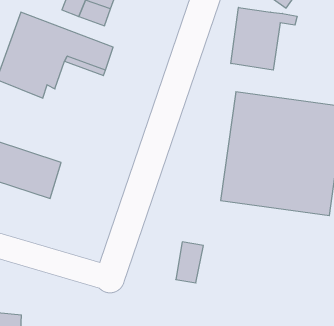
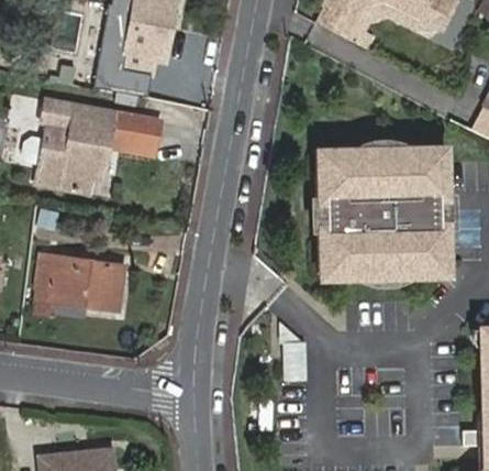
building: [231,7,297,70] -> none

